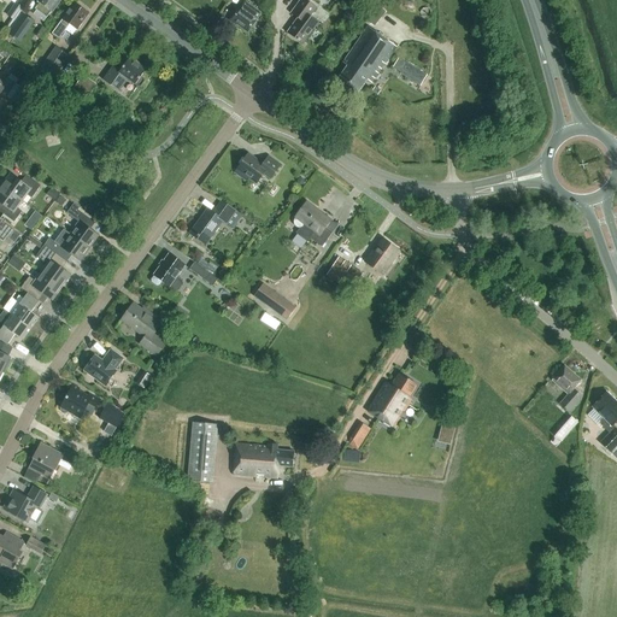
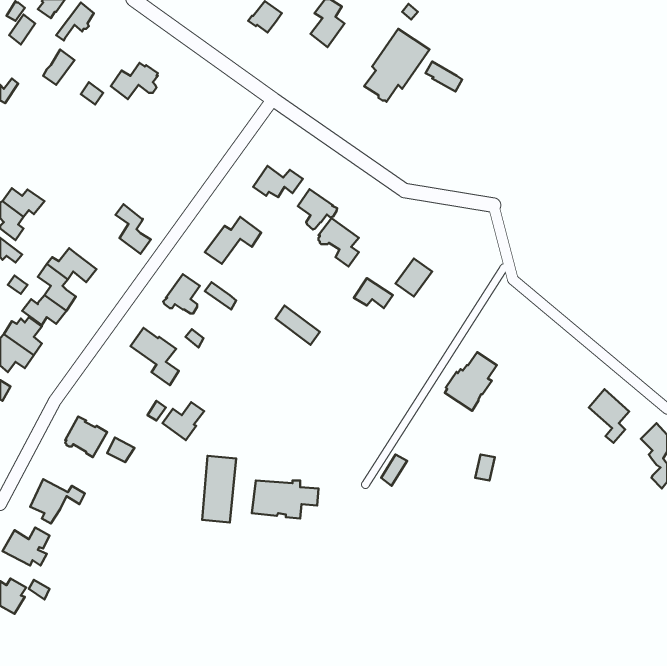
building: none -> [298,189,337,229]
building: [66,202,99,248] -> [116,204,151,254]
building: [84,349,123,384] -> [162,402,204,440]
building: [369,372,417,427] -> [445,352,497,411]

